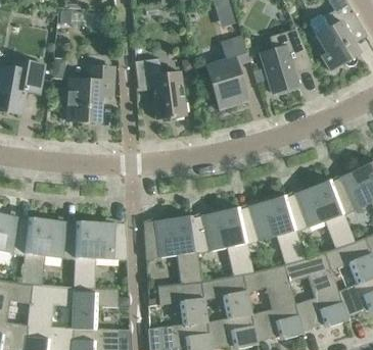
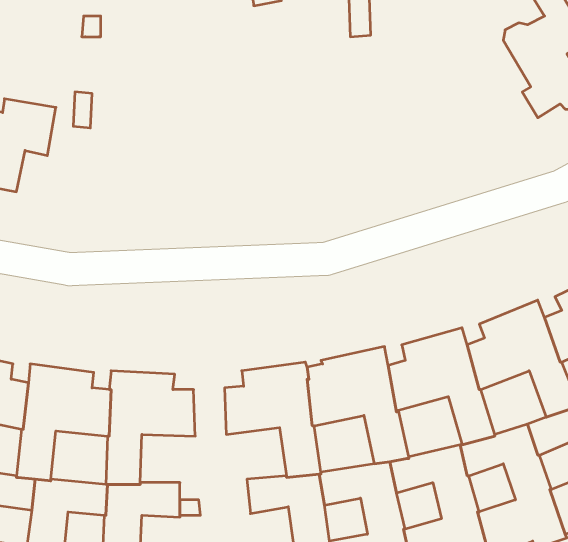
building: [261,29,313,92] -> none
building: [205,35,249,109] -> none
building: [135,58,186,118] -> none
building: [61,65,113,121] -> none

